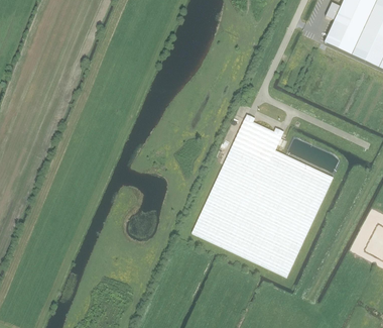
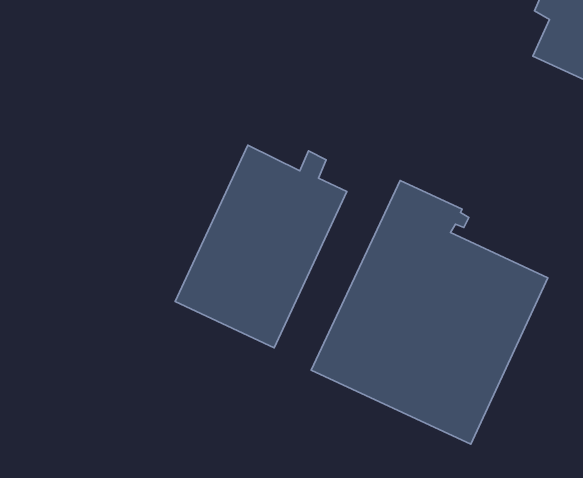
building: none -> [175,145,347,348]

